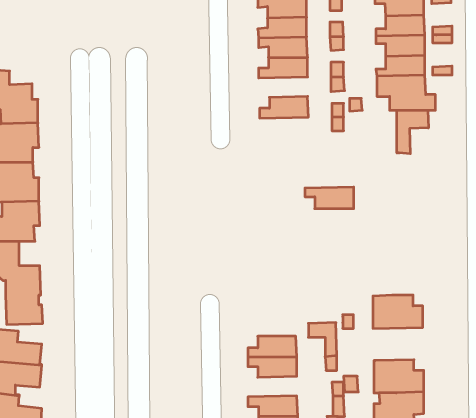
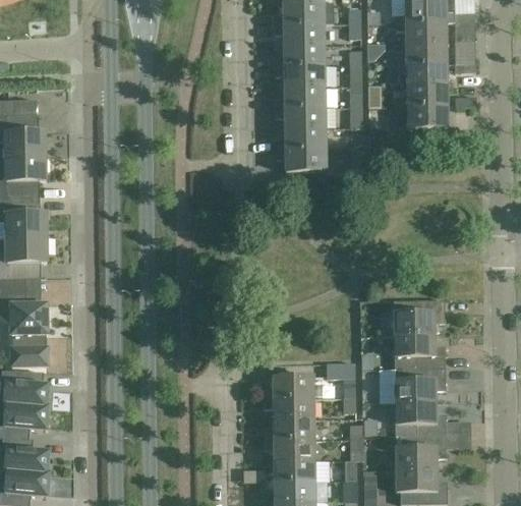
building: none -> [275,107,326,128]
building: [397,110,428,154] -> none
building: [305,187,354,209] -> [276,149,327,171]
building: none -> [394,299,445,335]
building: none -> [394,368,446,402]
building: none -> [264,418,314,440]
building: none -> [448,419,470,446]

